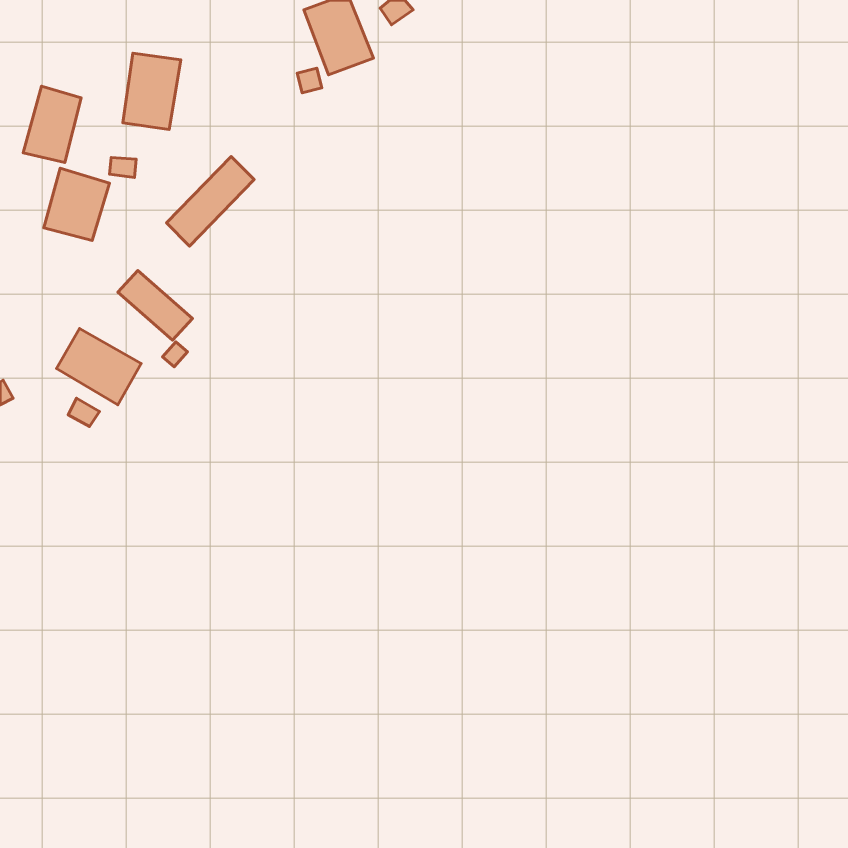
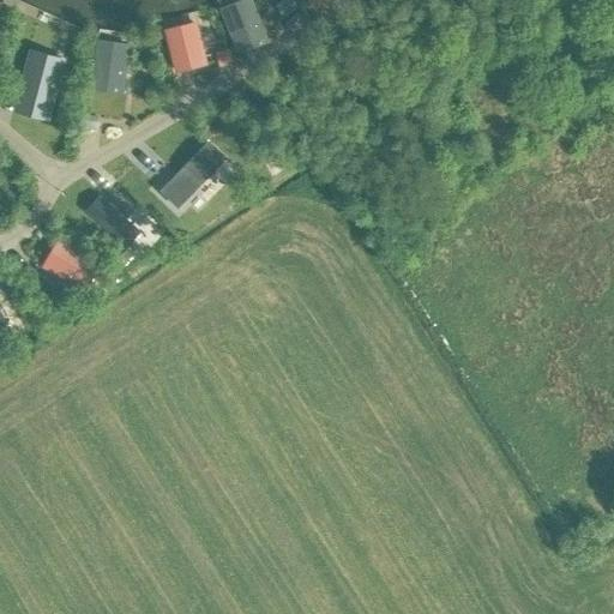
building: none -> [163,20,207,73]
building: [166,156,254,246] -> [161,143,224,207]
building: [44,168,109,241] -> none

